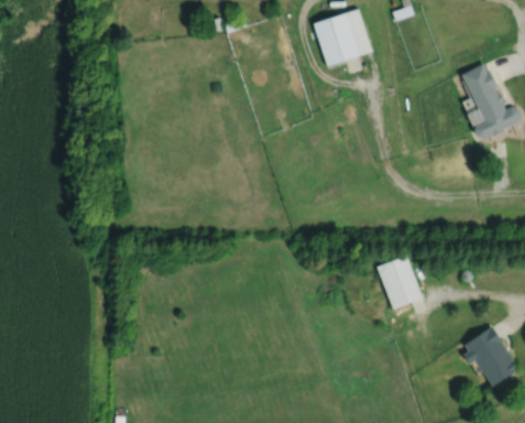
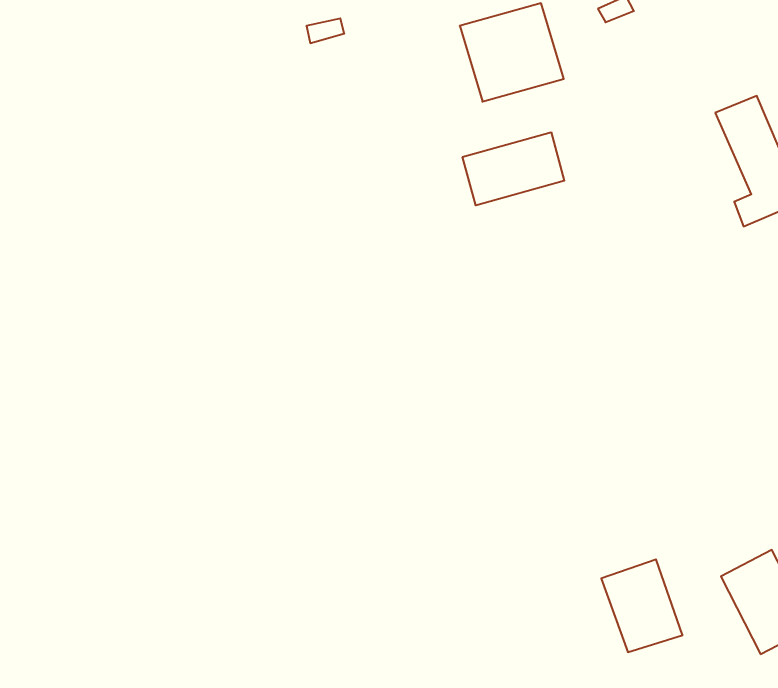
building: none -> [463,132,564,205]
building: [375,254,423,308] -> [601,559,683,652]

